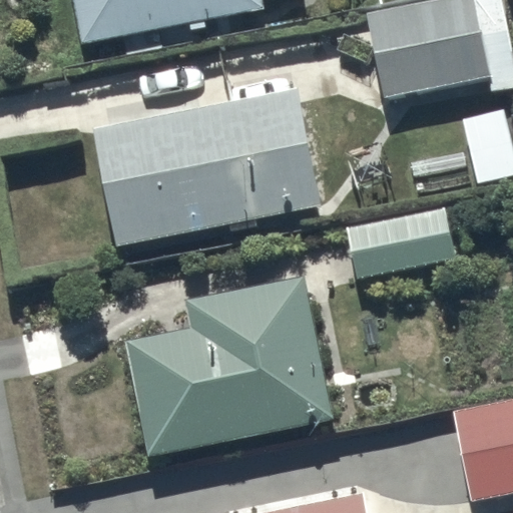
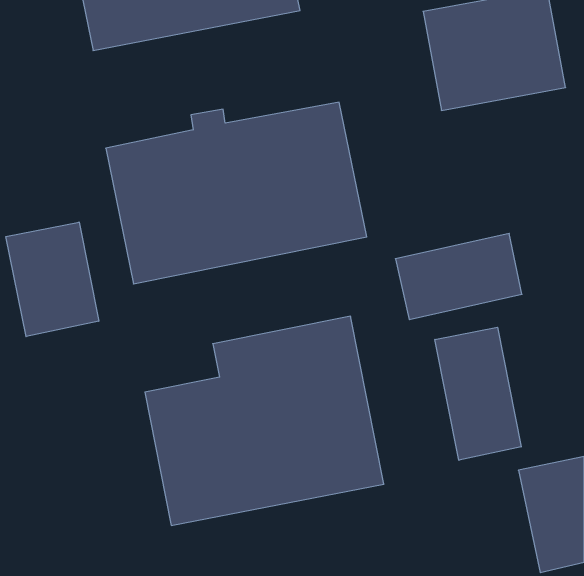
building: none -> [6,222,99,337]
building: none -> [435,327,521,460]

